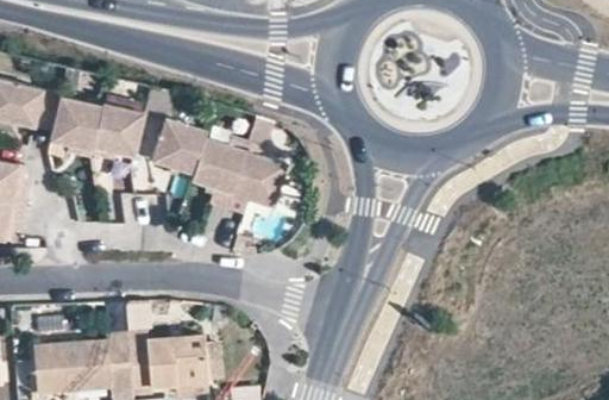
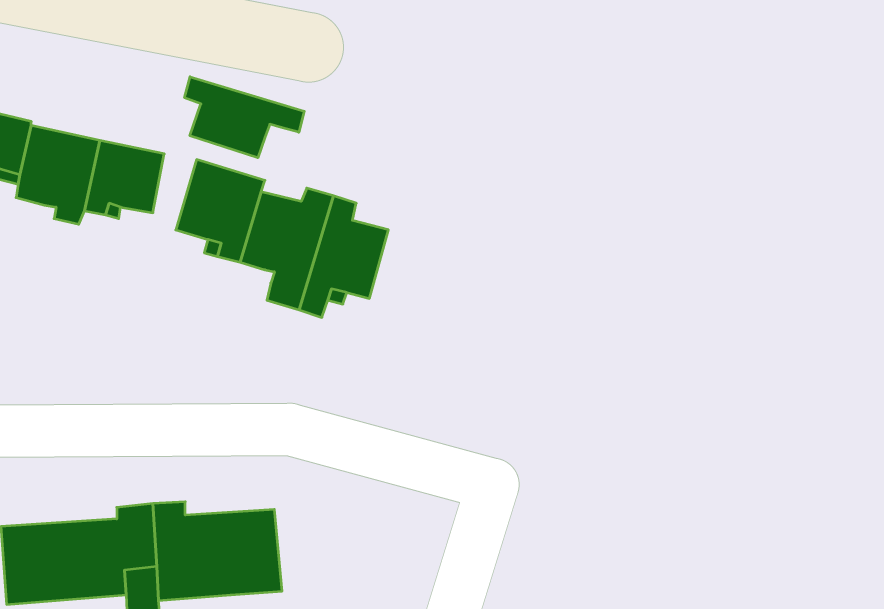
building: none -> [185,77,304,158]

